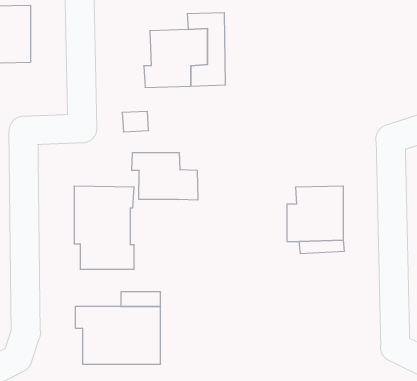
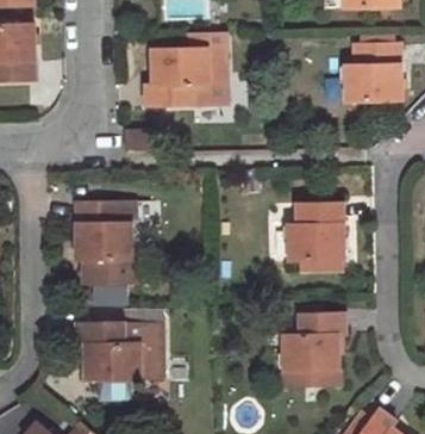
building: none -> [345,42,400,100]
building: [132,153,198,200] -> none
building: none -> [281,311,345,386]

